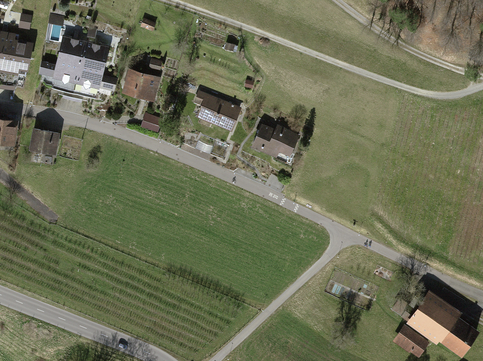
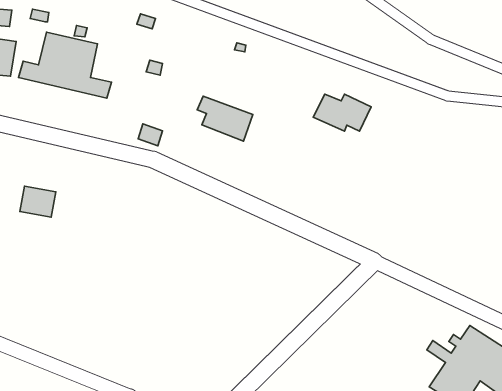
building: [120,68,160,102] -> none
building: [249,124,299,156] -> [313,94,371,131]
building: [28,128,59,155] -> [20,186,56,217]

